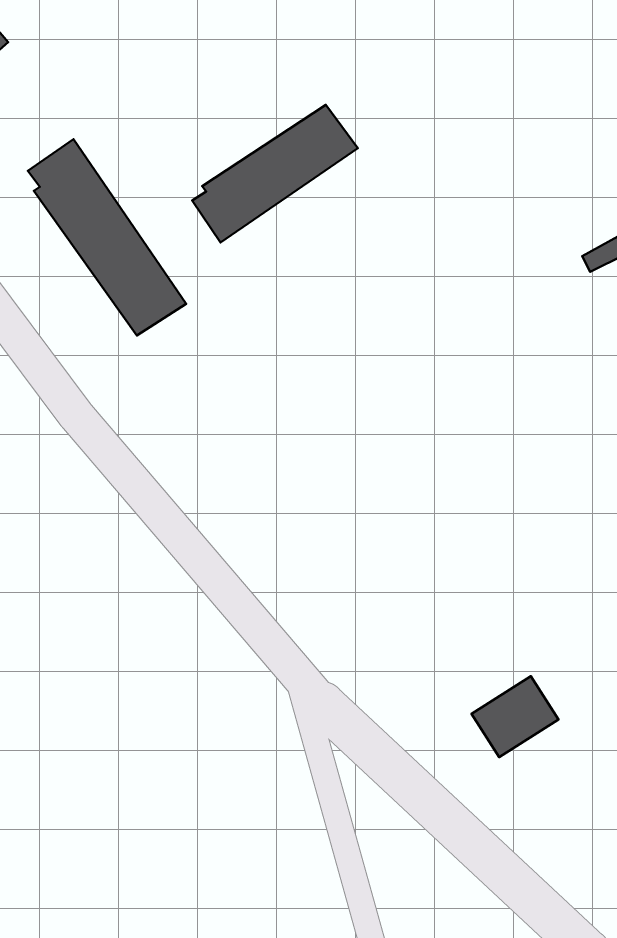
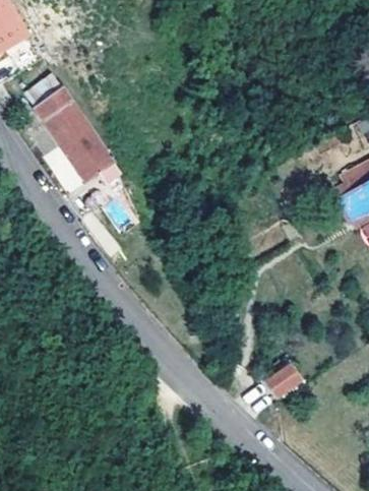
building: [192,105,358,243] -> none

